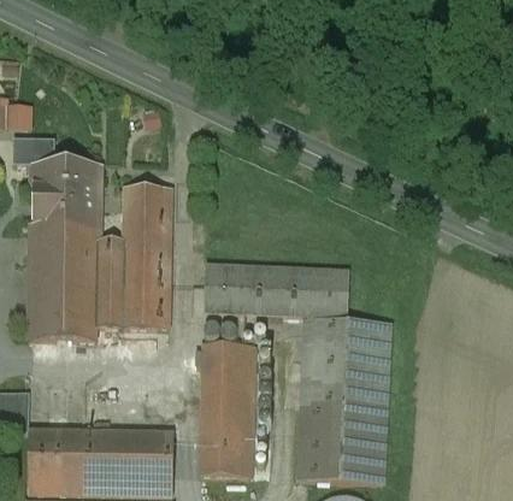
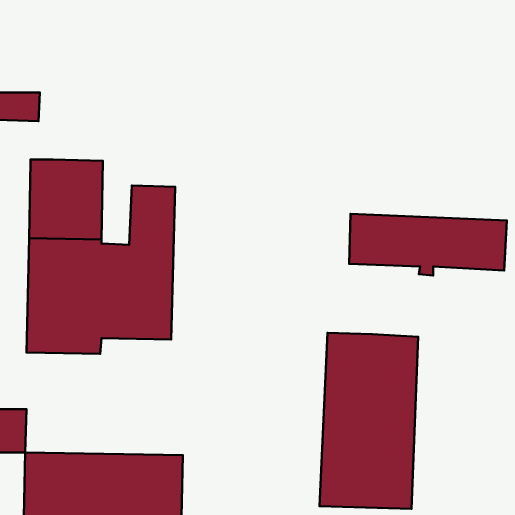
building: [13,136,55,163] -> none
building: [205,264,349,320] -> [349,214,507,276]
building: [201,341,253,473] -> none

